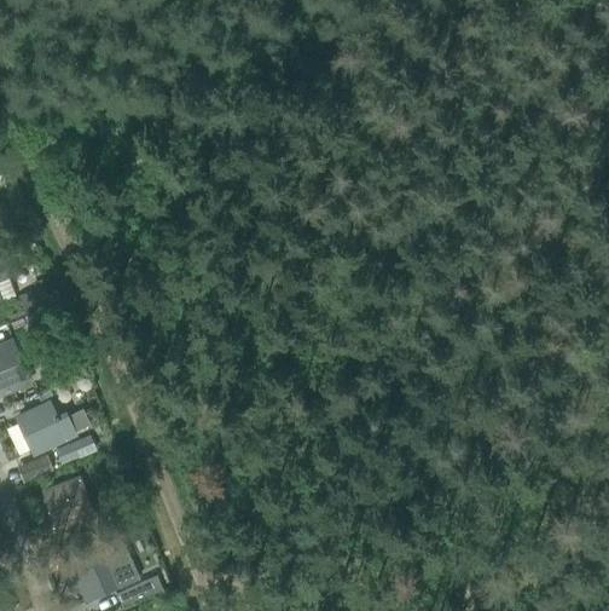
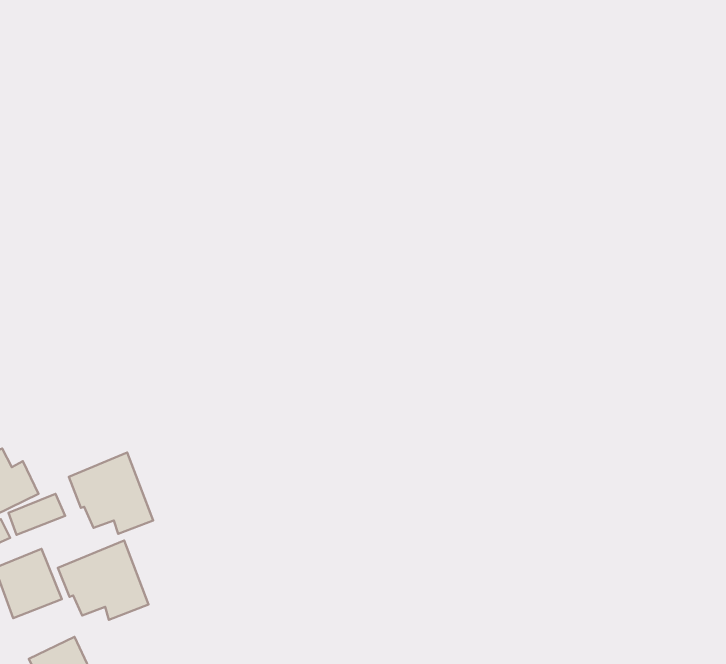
building: none -> [69,452,153,534]
building: none -> [58,540,148,620]

